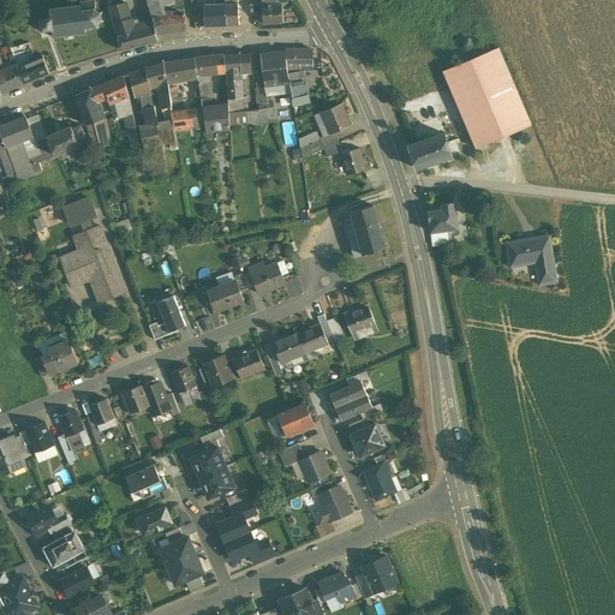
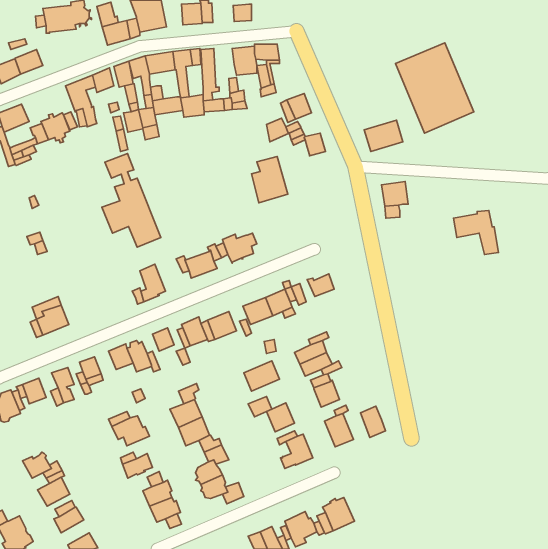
building: [59,198,125,303] -> [102,154,161,247]
building: [344,205,384,257] -> [251,157,288,203]
building: none -> [360,406,385,437]

